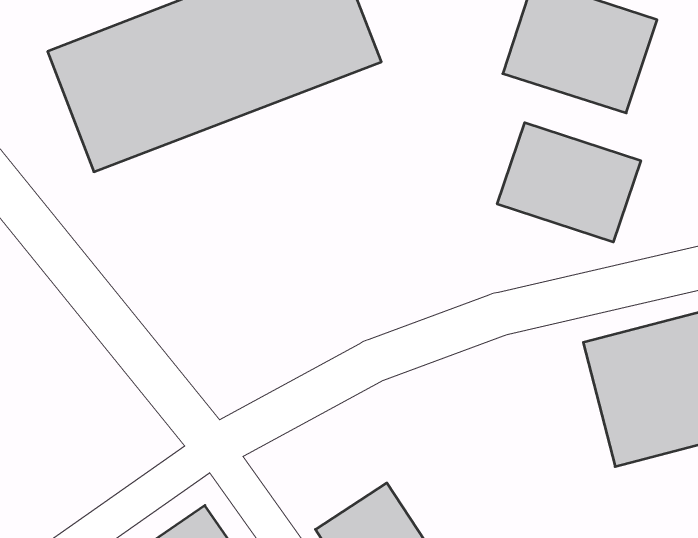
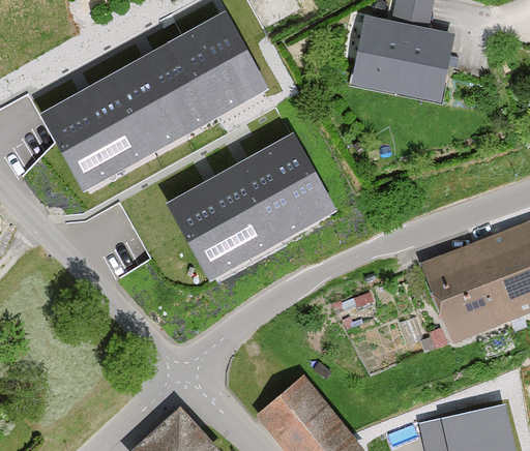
building: [497,123,641,242] -> none
building: none -> [164,131,334,278]

